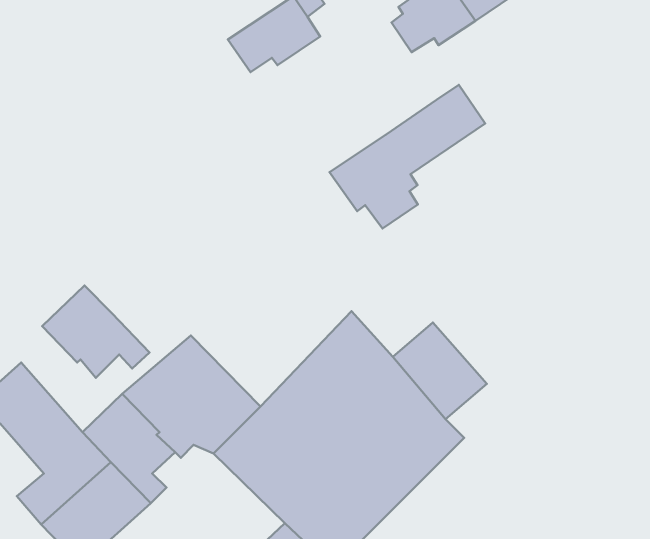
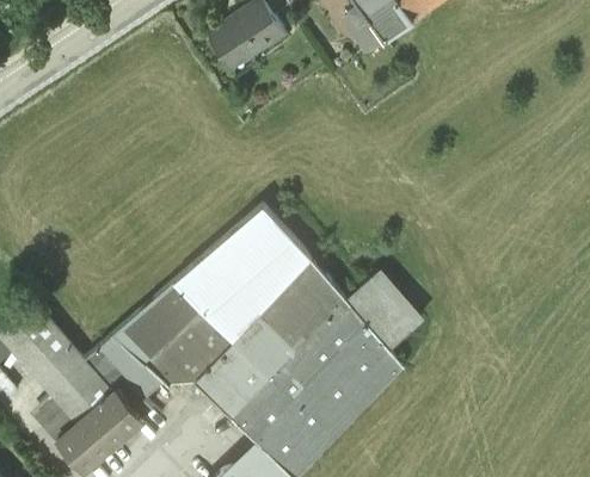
building: [330,85,485,229] -> none
building: none -> [176,209,311,342]
building: [42,285,149,378] -> none

